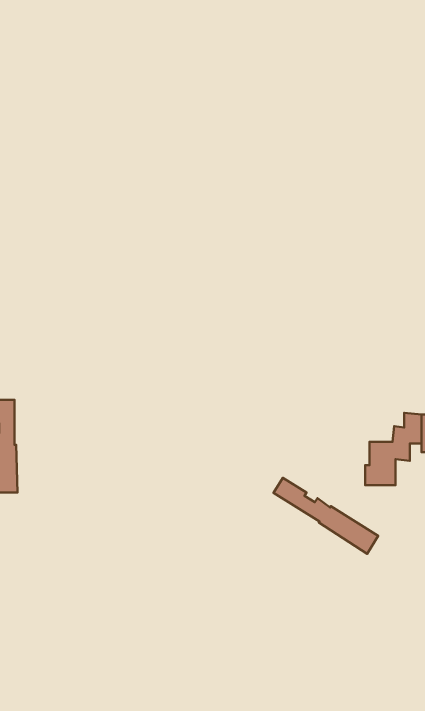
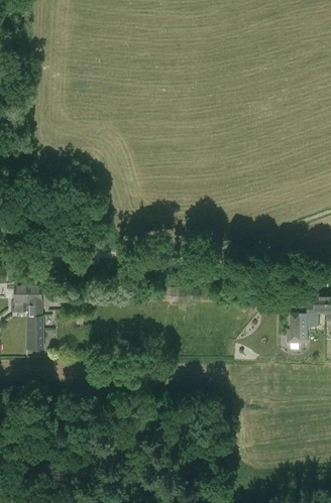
building: [274,478,378,554] -> none

